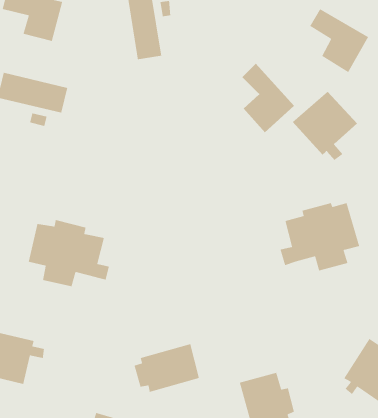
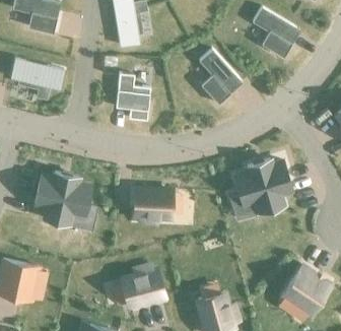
building: [292,91,358,161] -> none
building: none -> [115,72,150,121]
building: none -> [135,188,173,223]

